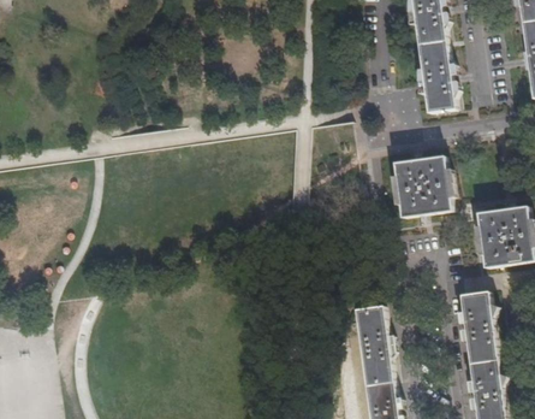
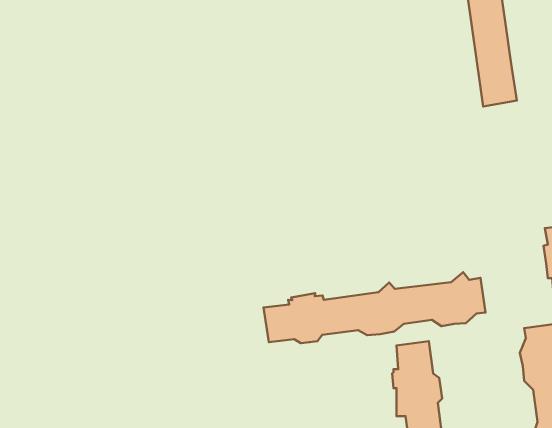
building: [392,158,456,218] -> none
building: none -> [264,272,486,343]

